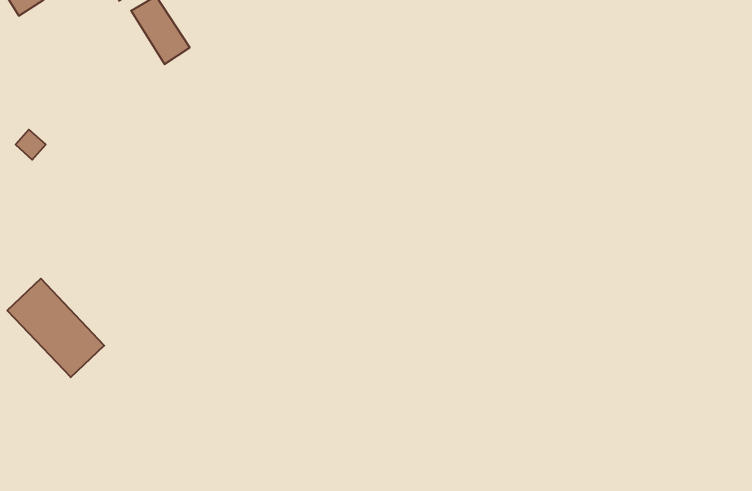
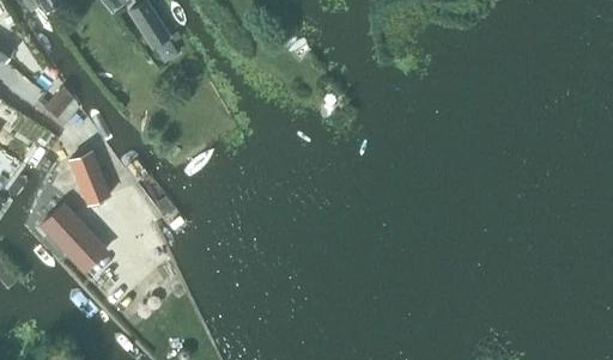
building: none -> [68,151,110,206]

